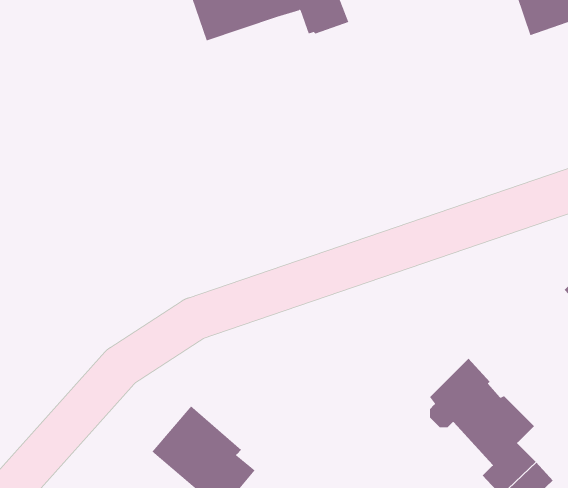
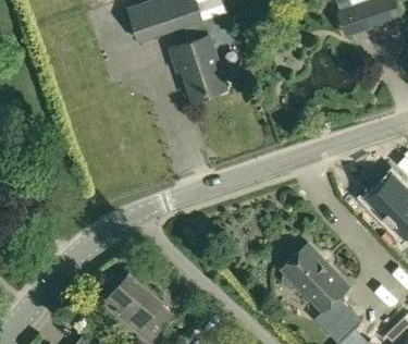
building: none -> [171,36,225,100]

